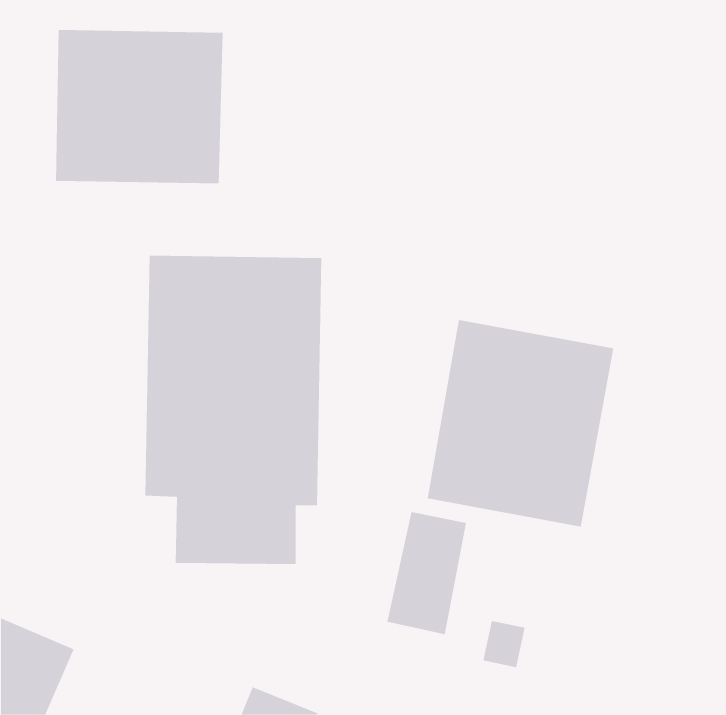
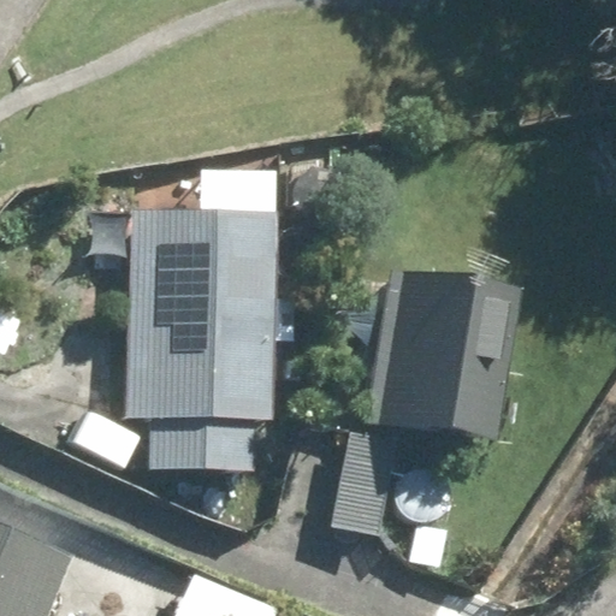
building: [56,29,223,184] -> none

